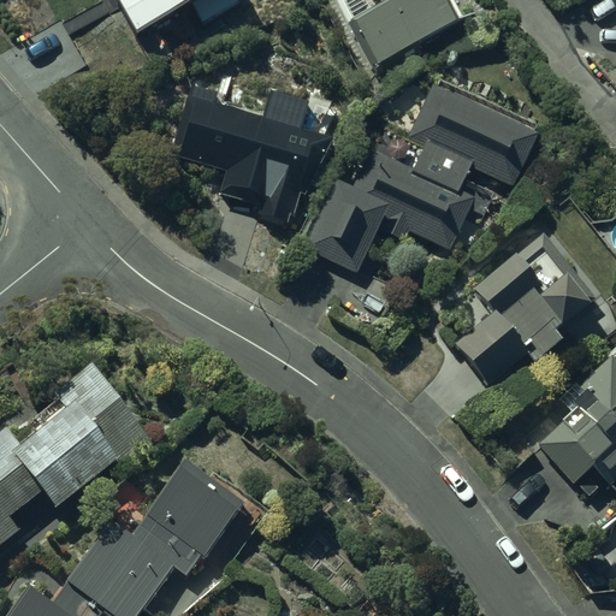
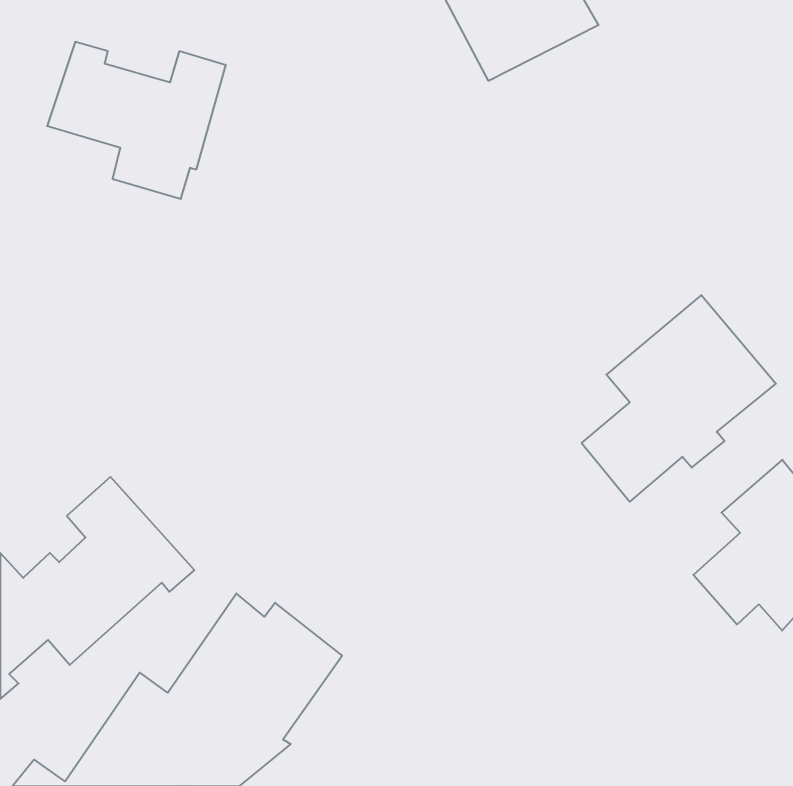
building: [306,78,535,271] -> none
building: [170,88,308,209] -> [47,42,226,199]

